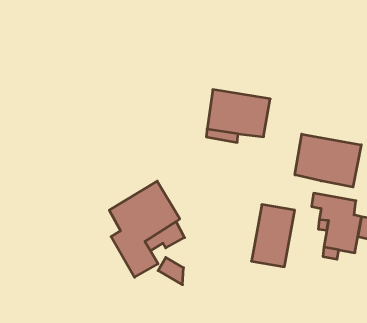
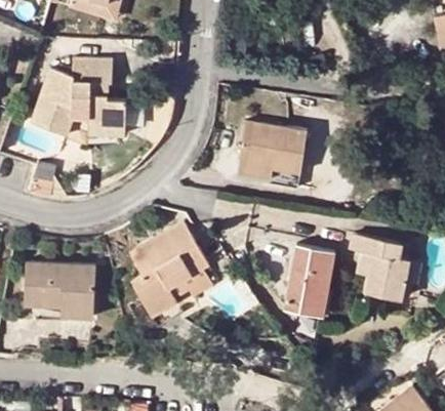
building: none -> [33,59,124,135]
building: [295,134,361,187] -> none
building: none -> [25,269,96,318]

